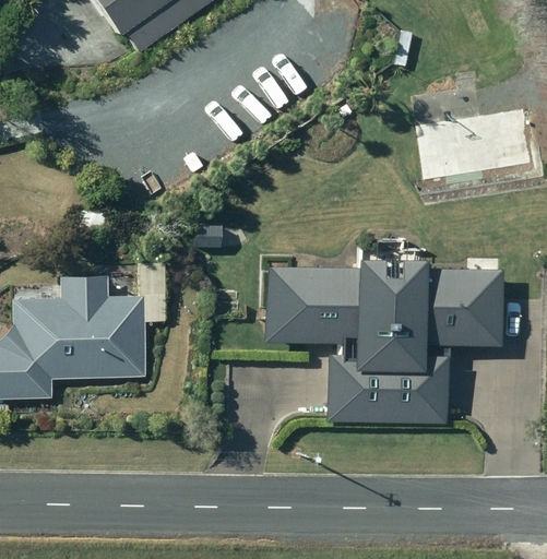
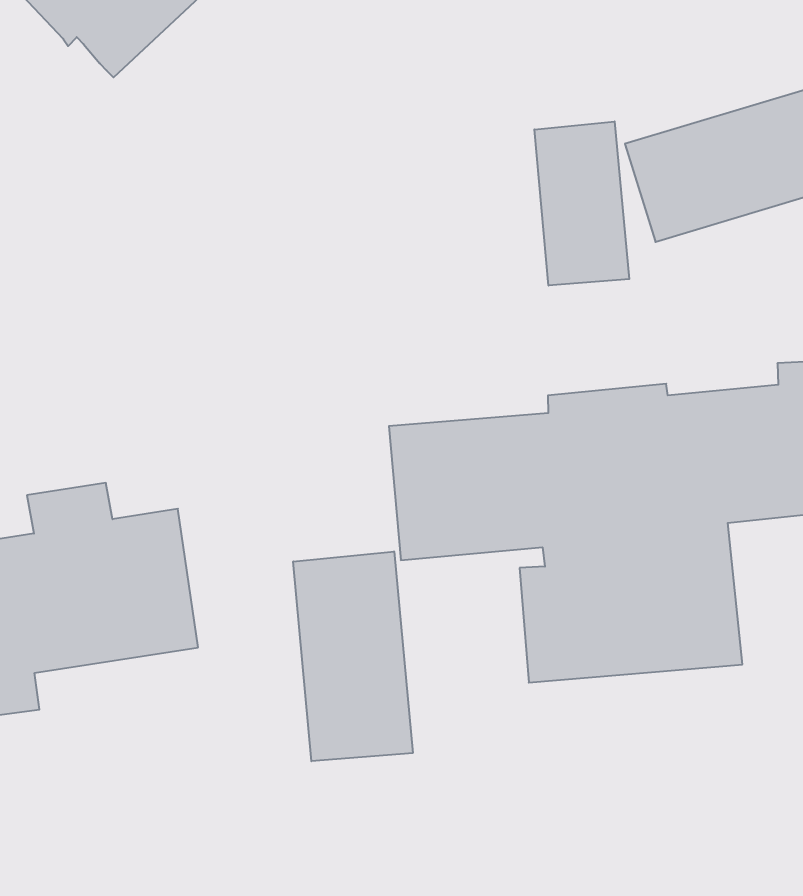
building: none -> [534,121,629,286]
building: none -> [293,551,413,761]

